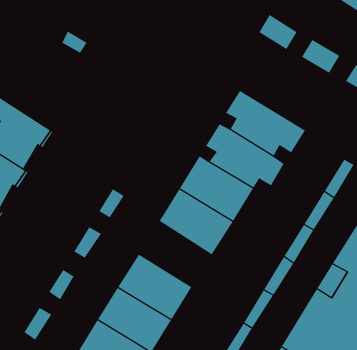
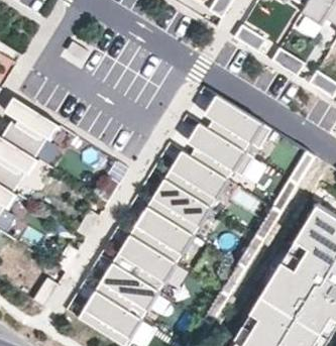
building: none -> [132,204,195,260]

